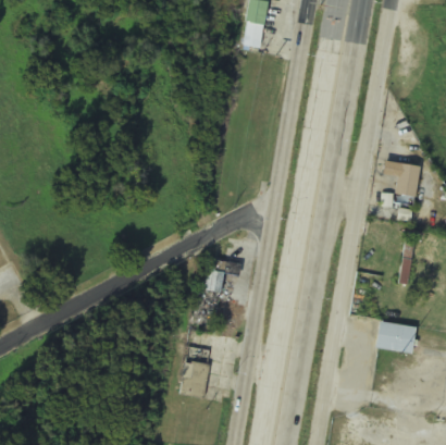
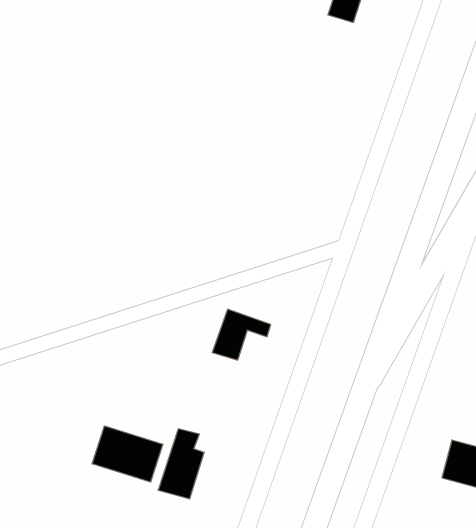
building: none -> [92,426,163,482]

